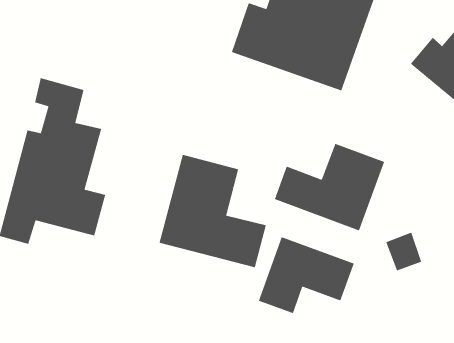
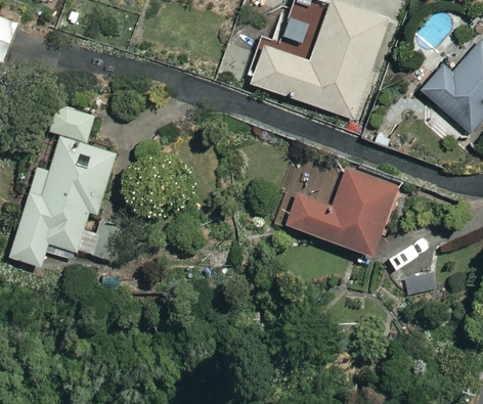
building: [158,154,267,268] -> none
building: [258,236,355,314] -> none

